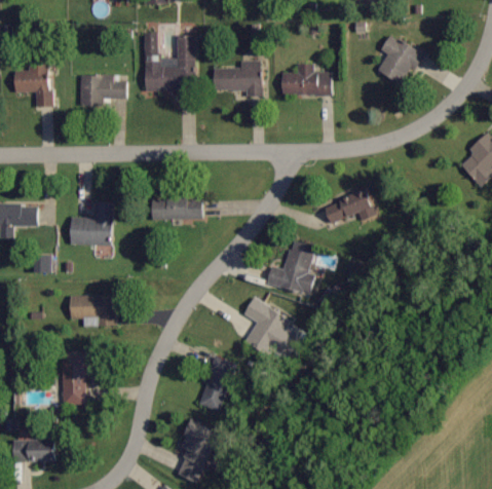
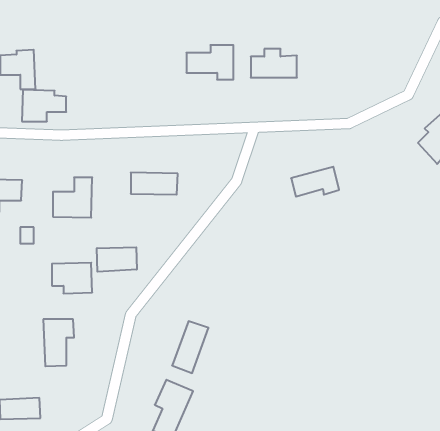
building: [144,32,195,98] -> none
building: [379,35,422,84] -> none
building: [79,74,126,108] -> [22,90,66,121]
building: [267,238,315,293] -> none
building: none -> [97,247,137,272]
building: [243,296,294,358] -> none

